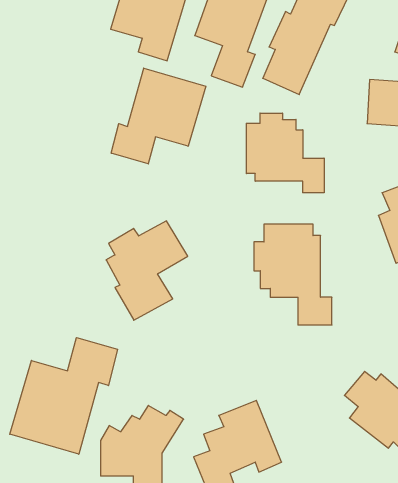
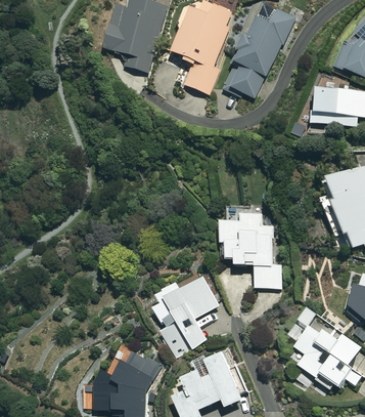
building: [111,68,206,164] -> none
building: [246,113,324,193] -> none
building: [106,221,188,320] -> [153,276,220,357]
building: [10,338,118,454] -> none

